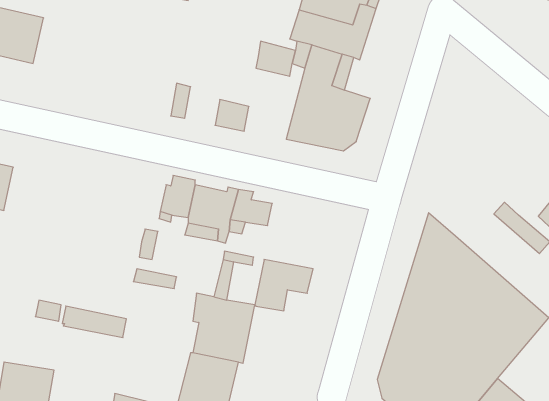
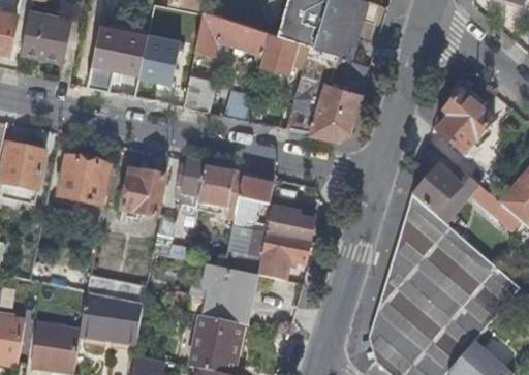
building: none -> [195,12,266,55]
building: none -> [88,19,180,83]
building: none -> [439,92,495,155]
building: none -> [57,157,110,207]
building: none -> [412,164,461,214]
building: none -> [123,173,163,218]
building: none -> [267,208,314,243]
building: none -> [84,293,142,343]

